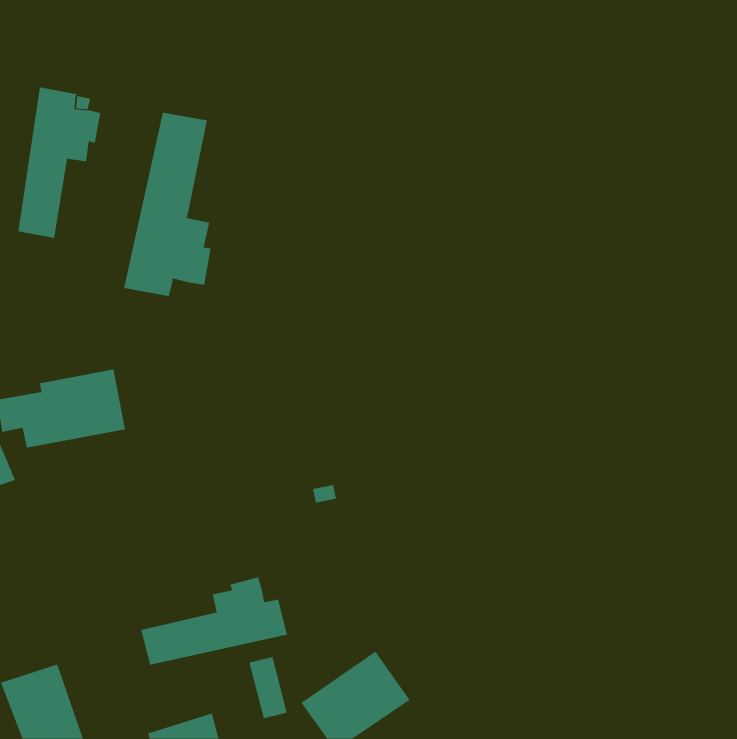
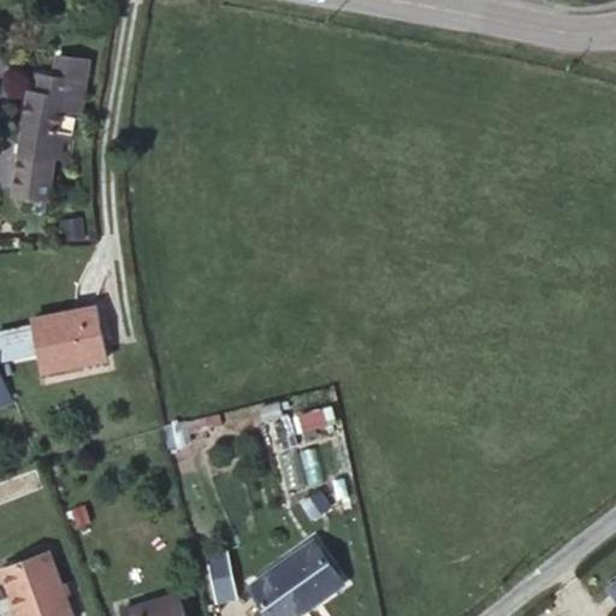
building: [124,112,211,297] -> none
building: [140,577,288,665] -> none

